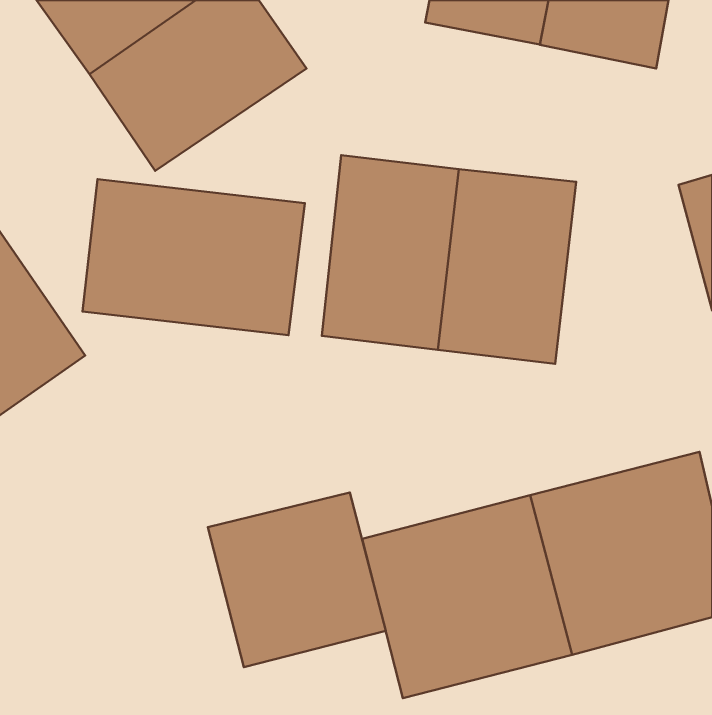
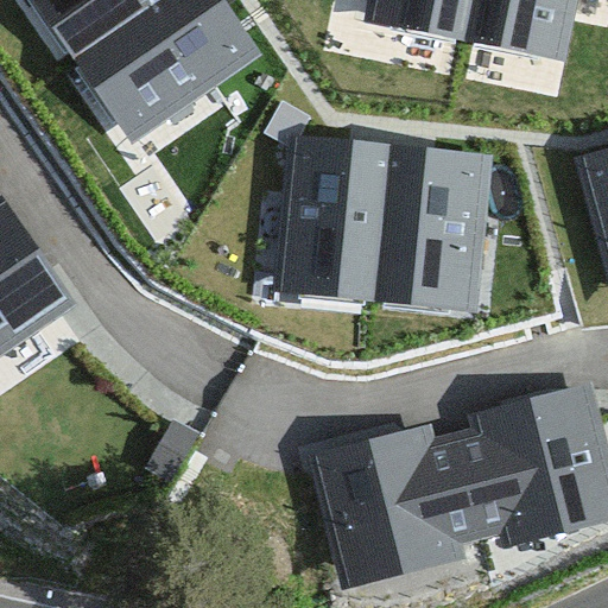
building: [83,179,305,335] -> none
building: [208,492,386,667] -> none

